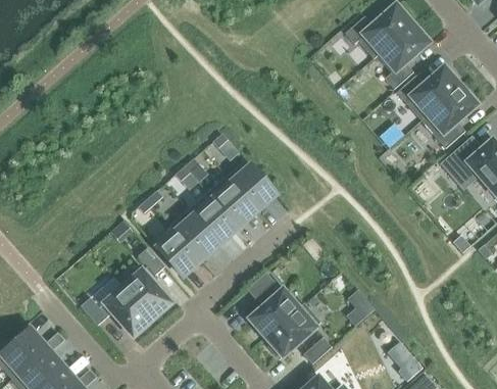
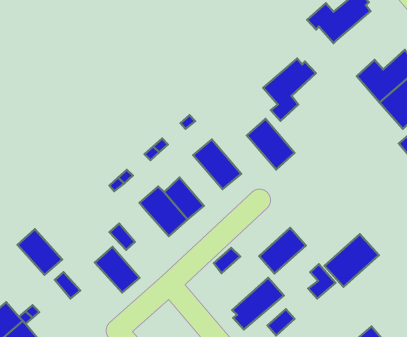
building: [377,25,432,90] -> [263,59,316,121]
building: [207,176,257,229] -> [247,119,295,169]
building: [157,232,201,277] -> none
building: none -> [324,234,379,287]
building: [105,288,152,336] -> [17,229,62,275]
building: [251,290,300,338] -> [259,228,306,274]

